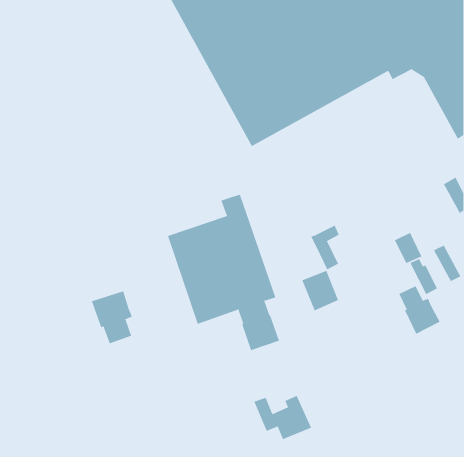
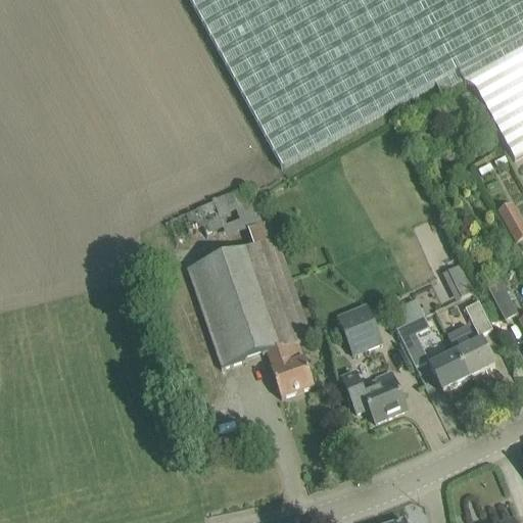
building: [311,225,340,270] -> [397,313,430,364]
building: [91,290,132,344] -> none
building: none -> [430,349,468,389]
building: [254,395,312,440] -> [342,370,408,420]

